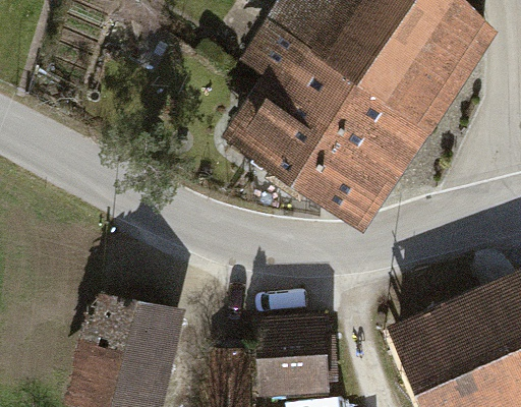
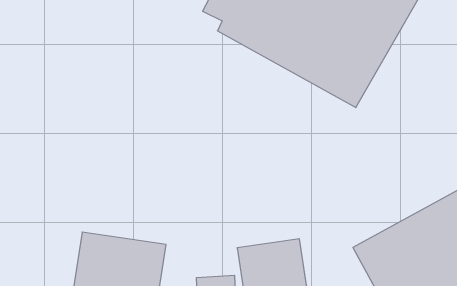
building: [224,82,401,230] -> none

